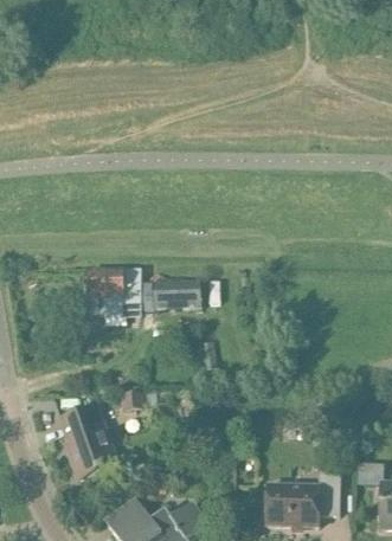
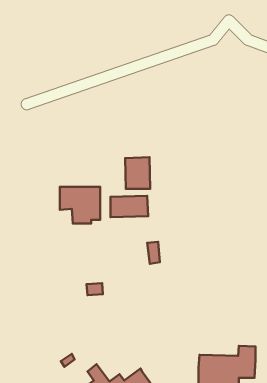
building: none -> [125,157,150,189]
building: [59,406,115,478] -> none

